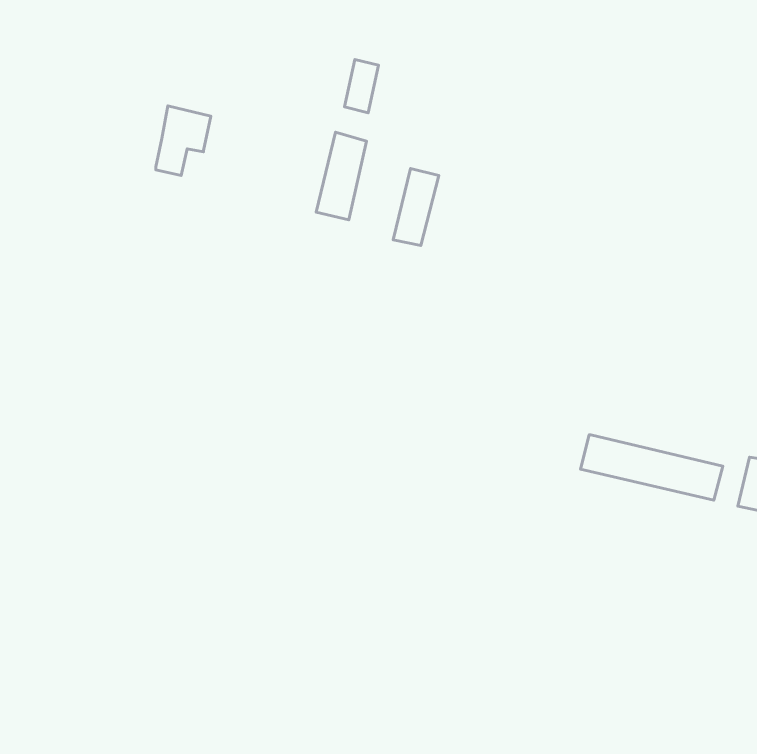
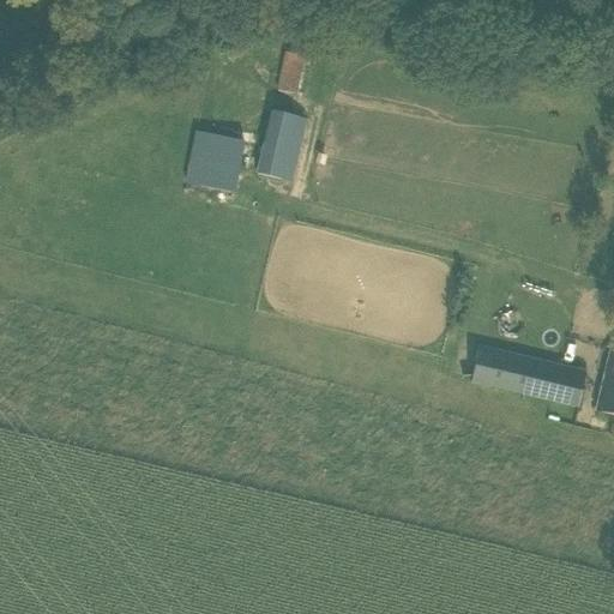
building: [156,106,211,176] -> [201,132,246,188]
building: [393,168,439,245] -> none

